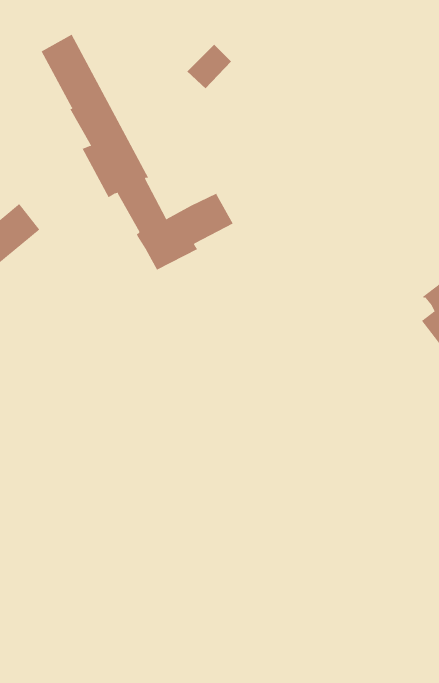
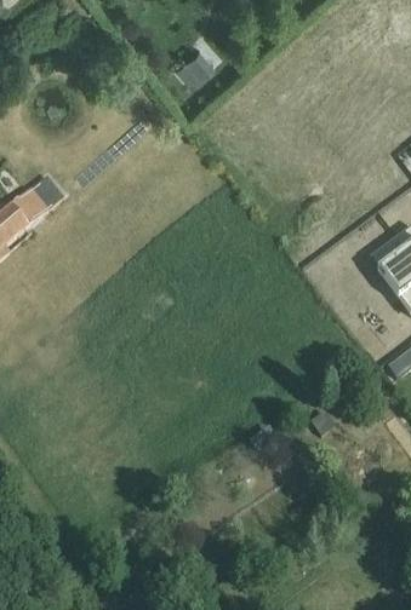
building: [41,34,234,271] -> none

